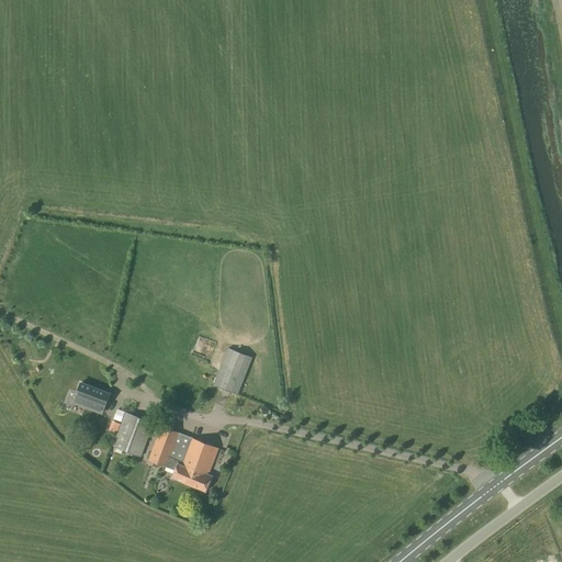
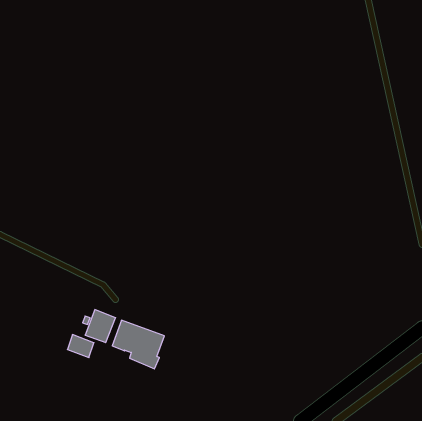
building: [214,347,251,394] -> none
building: [74,382,109,413] -> [67,335,94,358]

